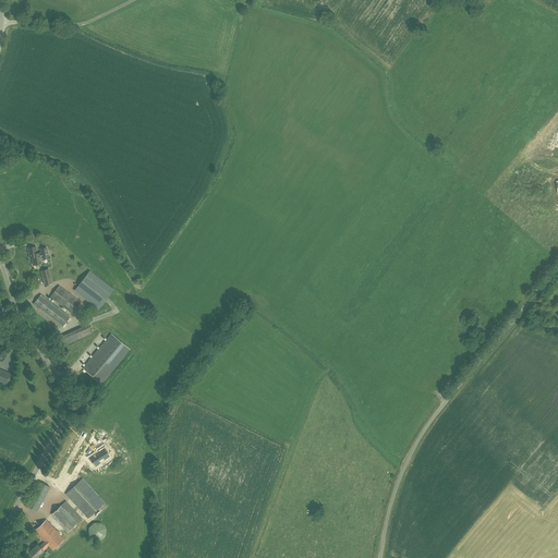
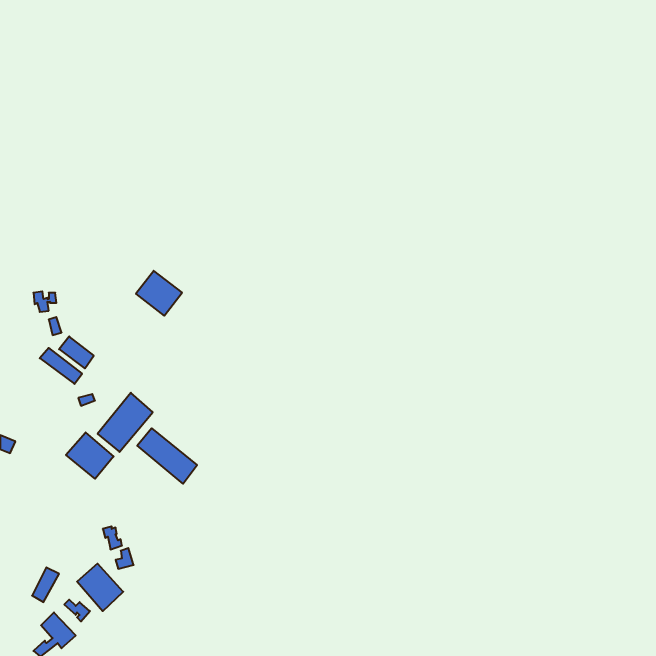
building: [74,271,113,310] -> [136,271,182,316]
building: none -> [137,428,197,484]
building: none -> [66,432,114,479]

